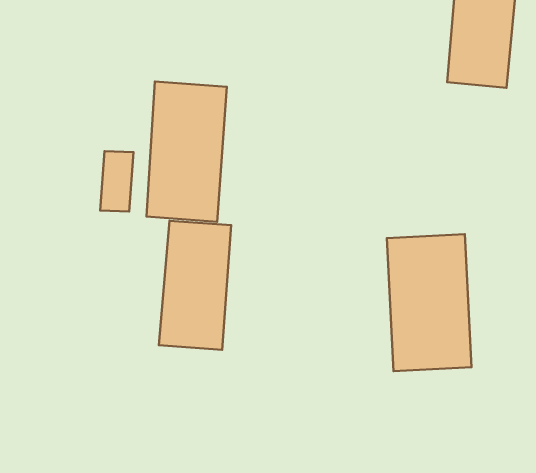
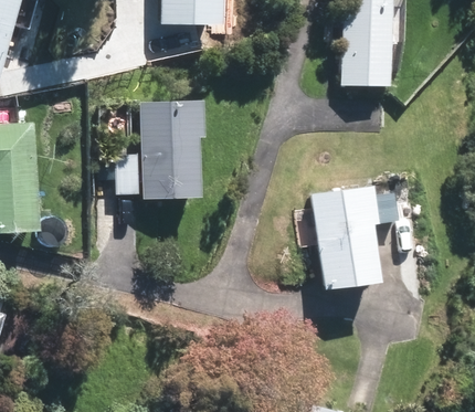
building: [159,221,231,350] -> none

